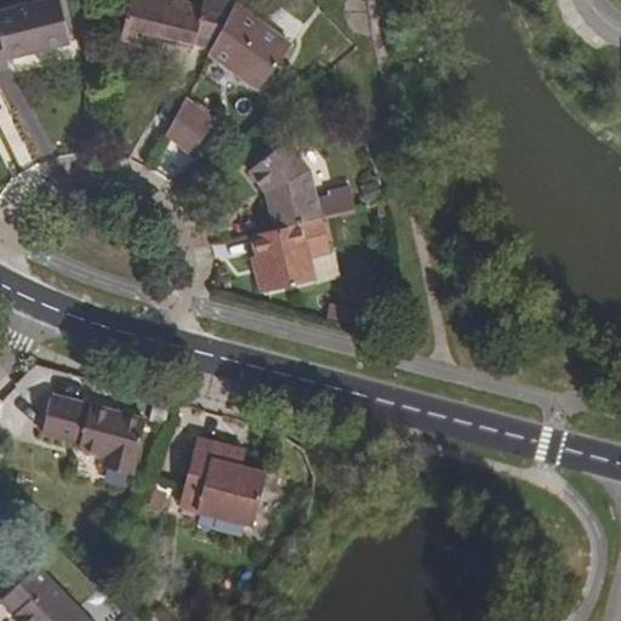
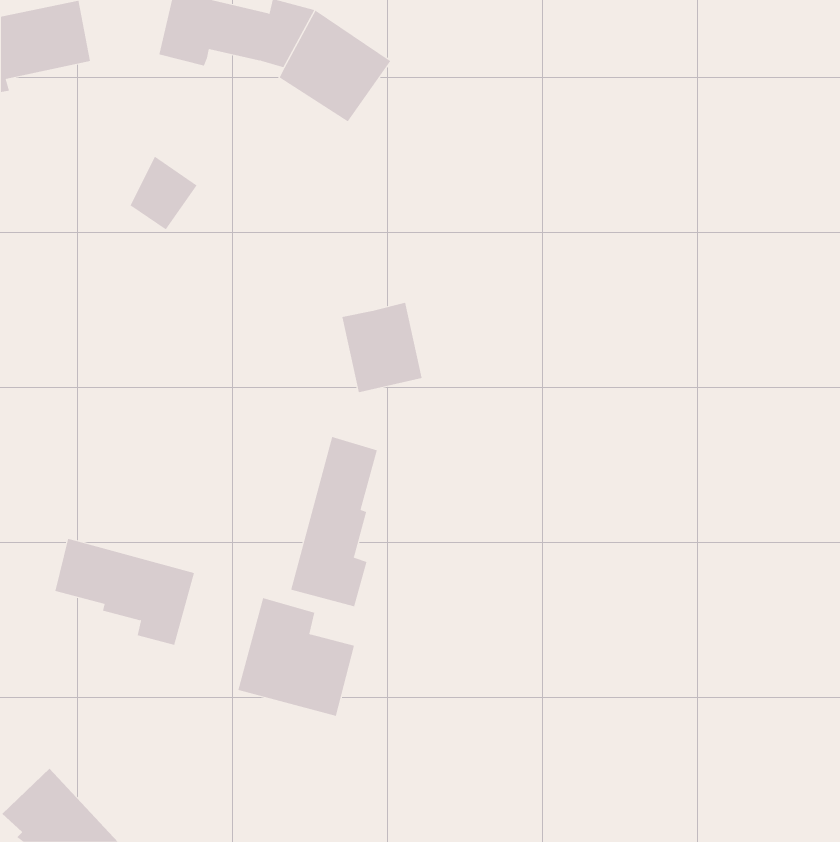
building: [165,102,215,156] -> [130,156,197,230]
building: [251,143,320,228] -> none
building: none -> [290,436,378,607]

